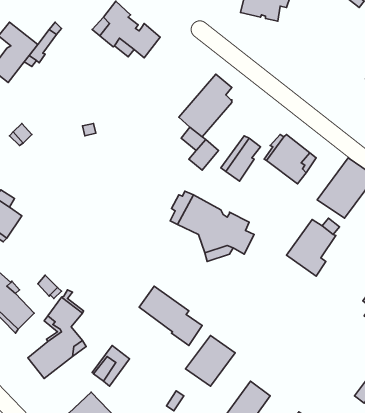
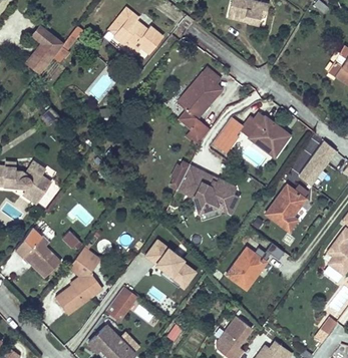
building: [186,336,235,386] -> [226,248,266,289]

